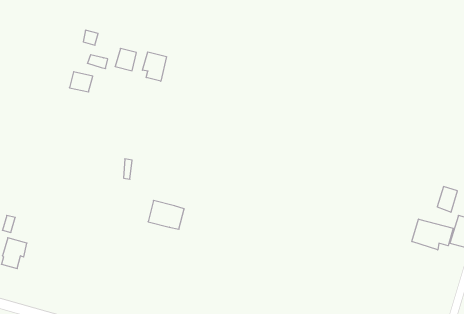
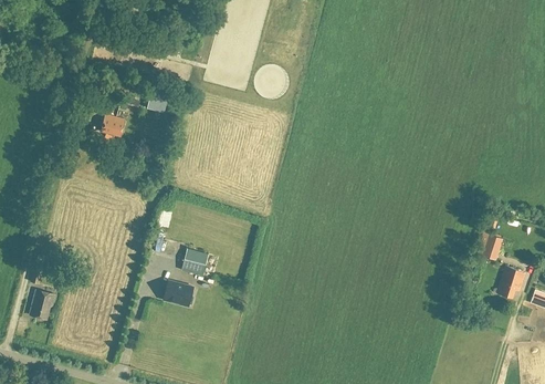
building: [142,52,166,81] -> none
building: [412,219,453,250] -> none
building: none -> [164,280,193,305]

